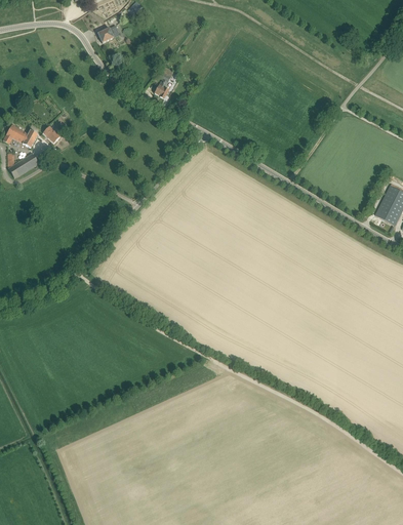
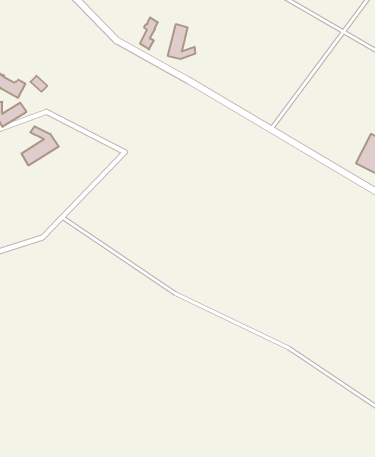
building: none -> [168,24,195,59]
building: none -> [22,126,59,165]

